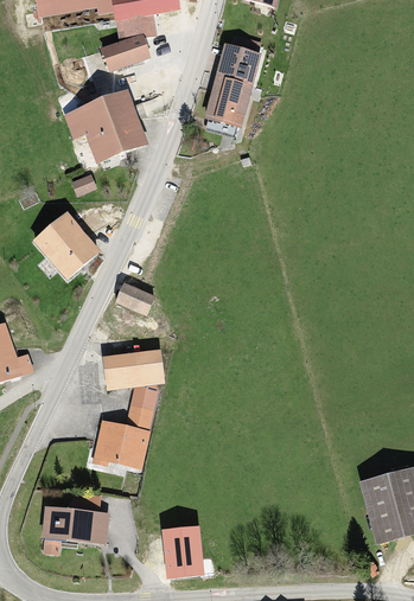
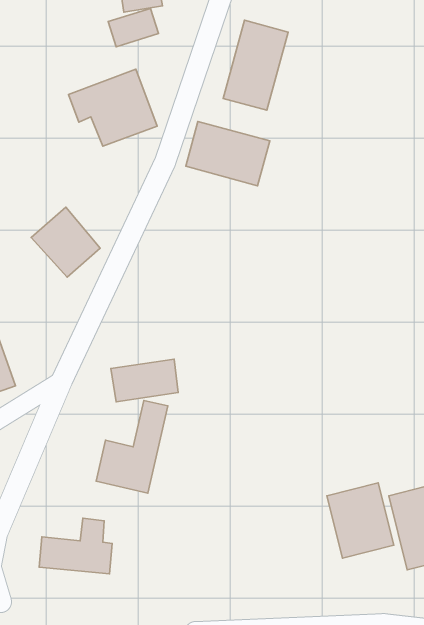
building: none -> [186,122,270,186]
building: [114,282,154,314] -> none
building: none -> [327,483,394,558]
building: [165,523,203,573] -> none

